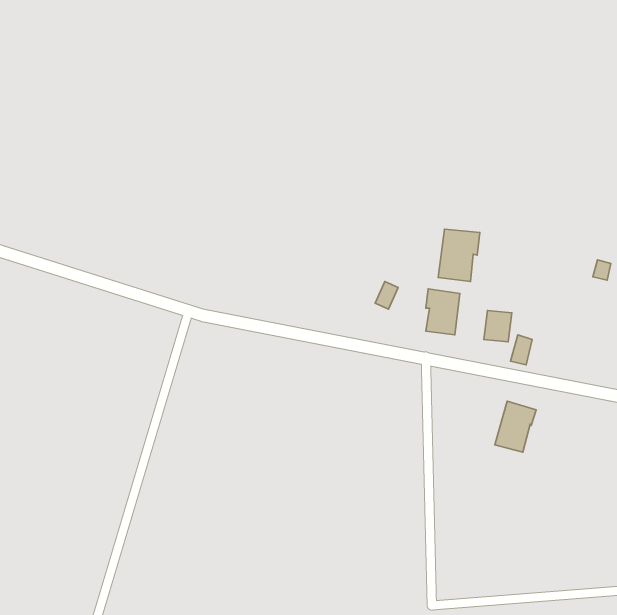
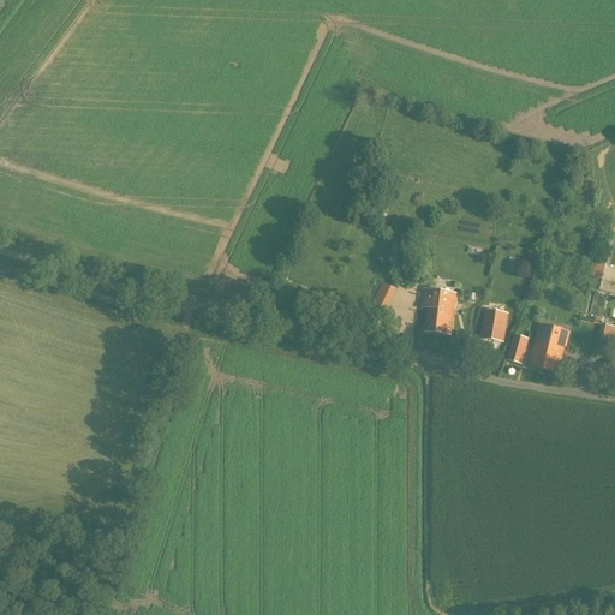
building: [438,229,480,282] -> none
building: [495,401,536,452] -> [530,322,571,372]

